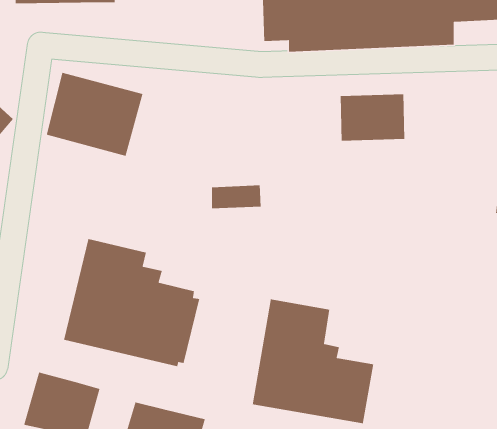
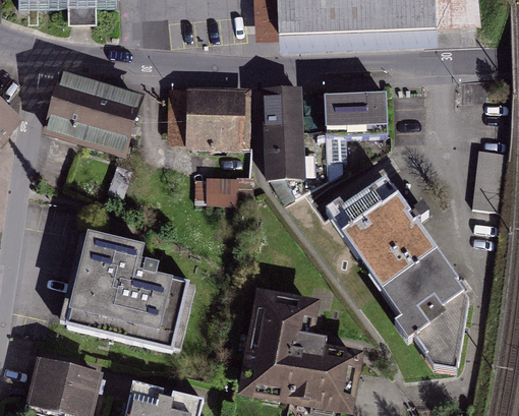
building: none -> [179,91,241,148]
building: none -> [263,93,326,194]
building: none -> [329,177,467,368]

